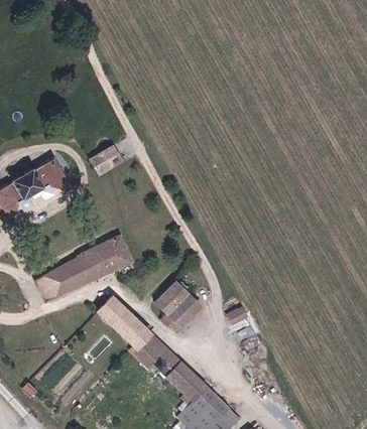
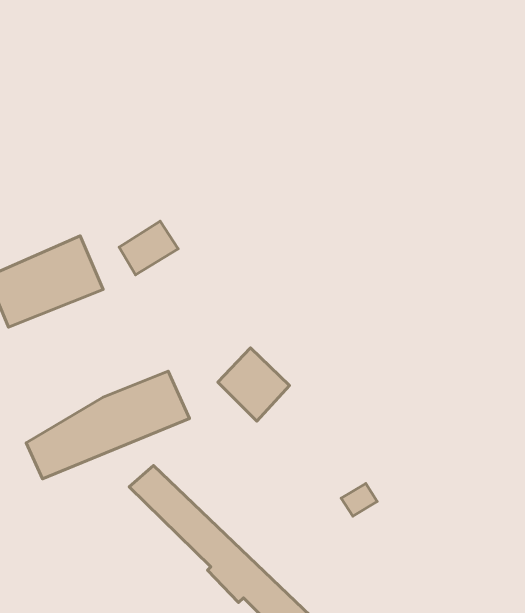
building: [149,280,194,325] -> [218,348,290,421]

